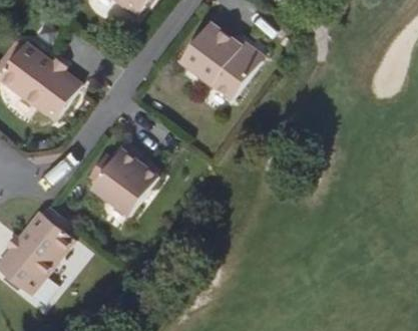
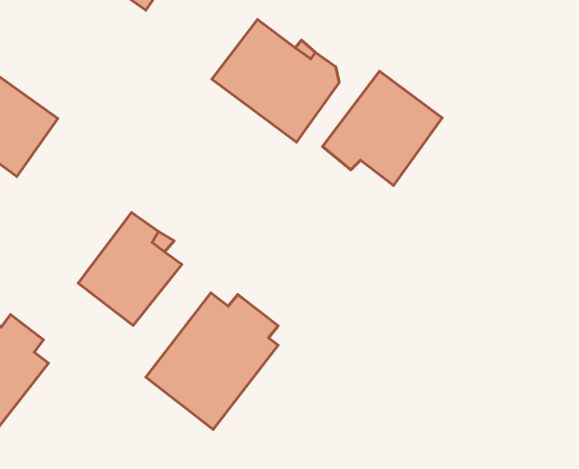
building: none -> [322,71,442,186]
building: none -> [146,293,278,430]

